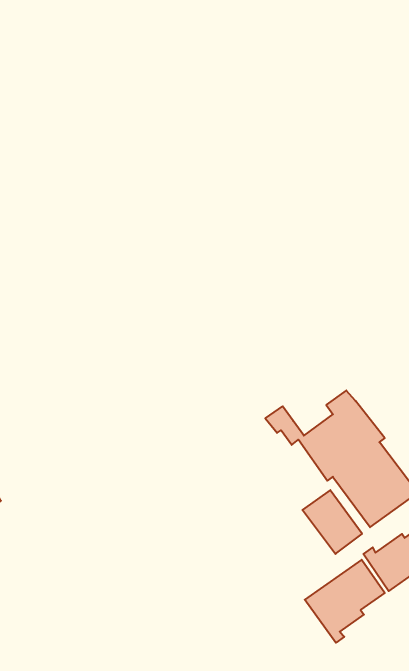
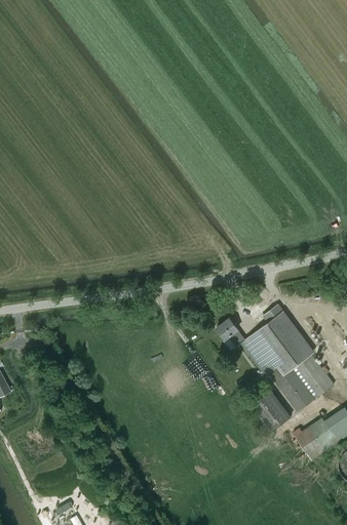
building: [305,560,385,643] -> none

